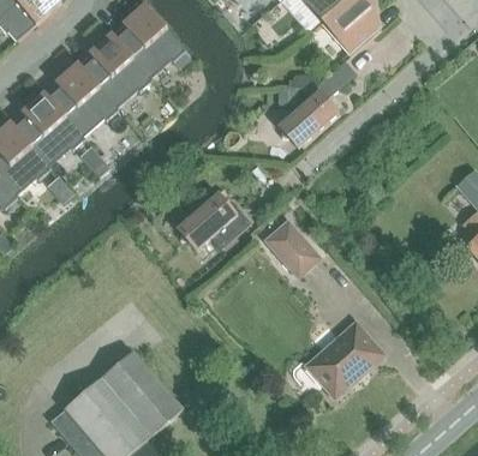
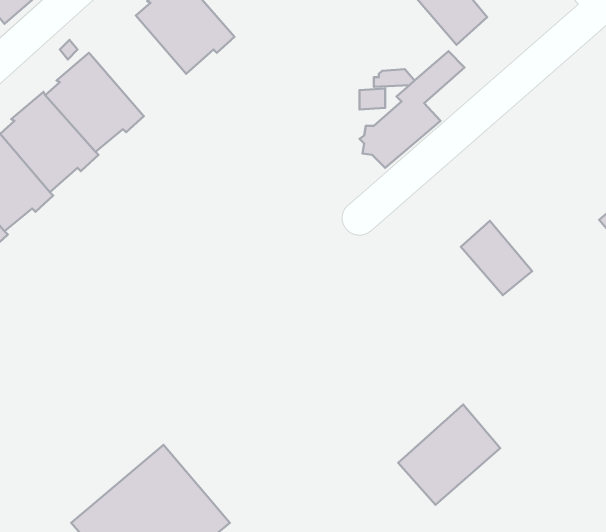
building: [79,31,153,106] -> none
building: [178,192,251,250] -> none
building: [267,220,319,275] -> [461,221,532,295]

